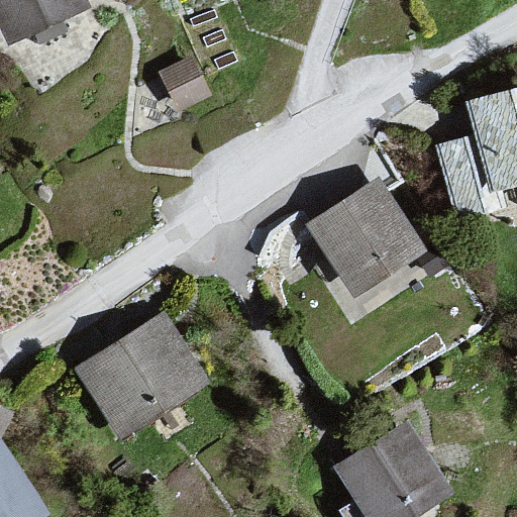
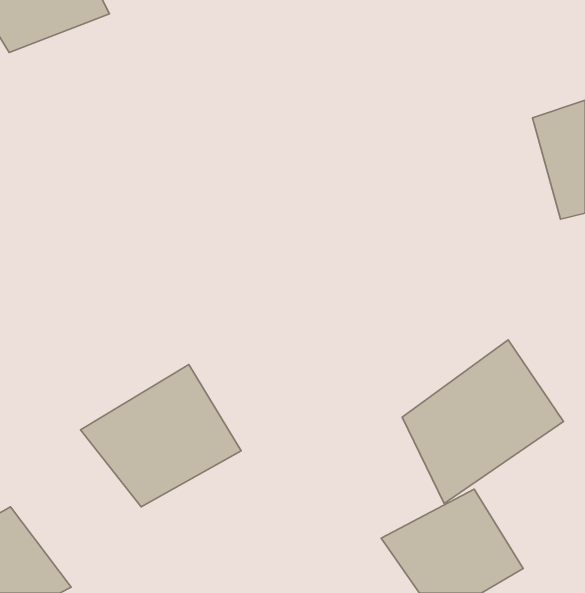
building: [307,177,430,294] -> none
building: none -> [402,340,564,503]

